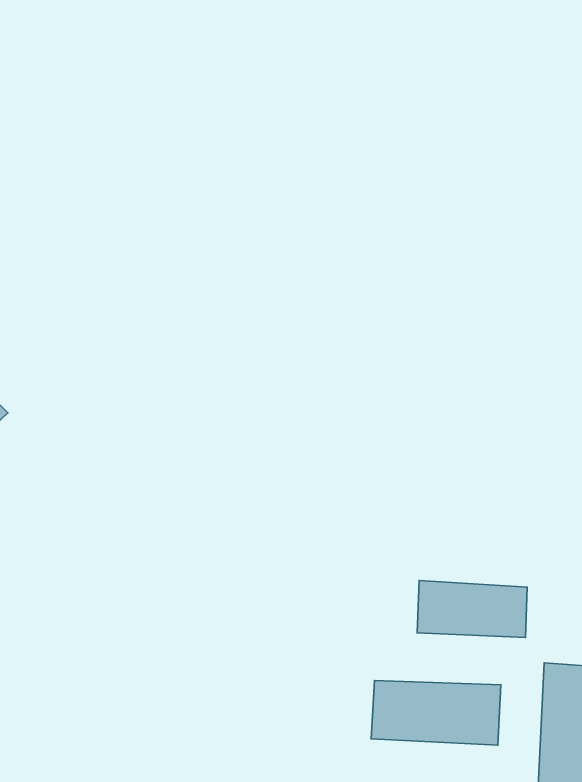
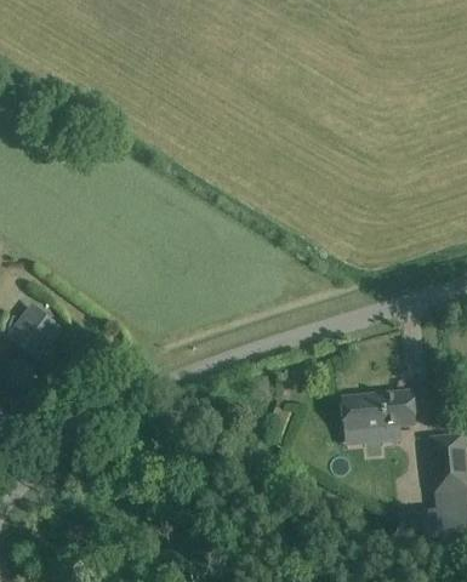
building: [371,681,501,745] -> none

